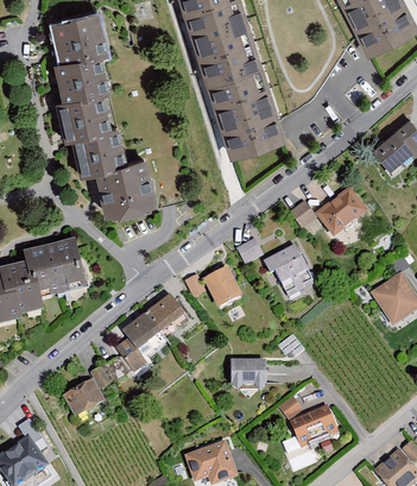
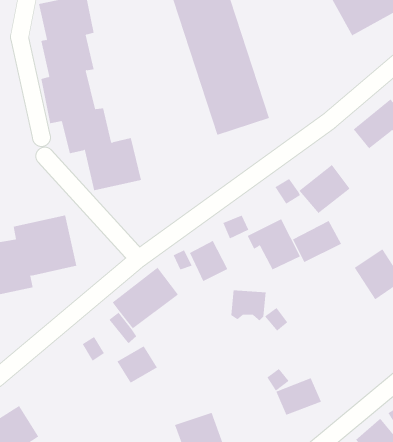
building: none -> [292,220,342,263]
building: [229,359,266,391] -> [231,290,266,321]
building: [63,379,106,418] -> [116,345,158,384]

